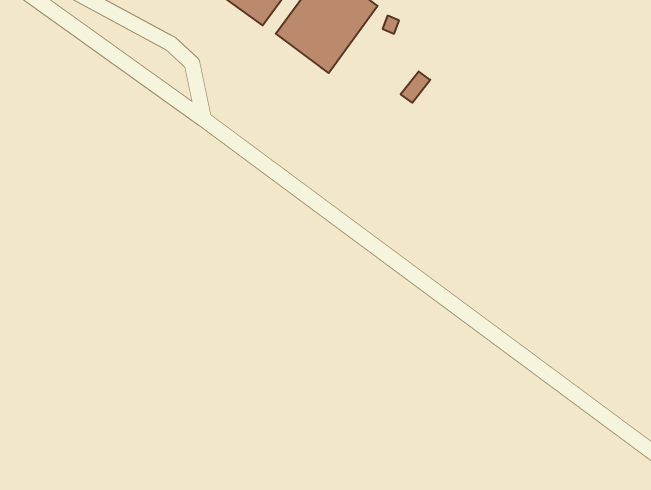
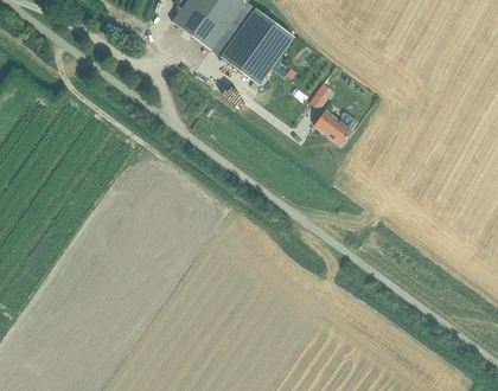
building: none -> [314,109,352,143]

